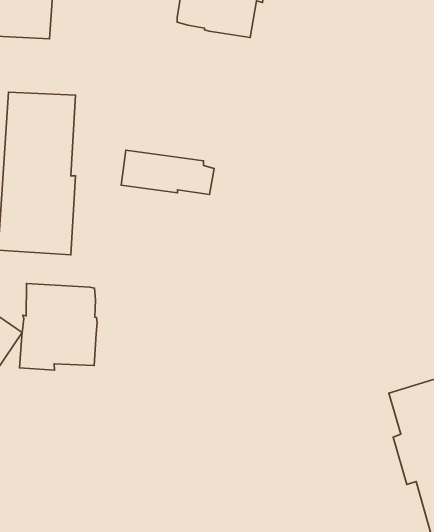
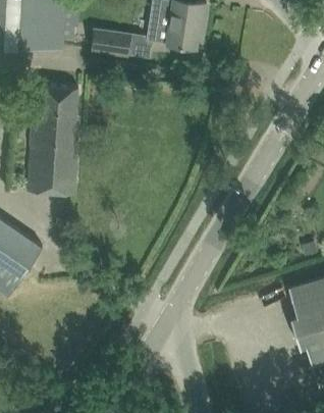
building: [121,150,214,194] -> [91,29,153,58]
building: [20,284,97,370] -> none

